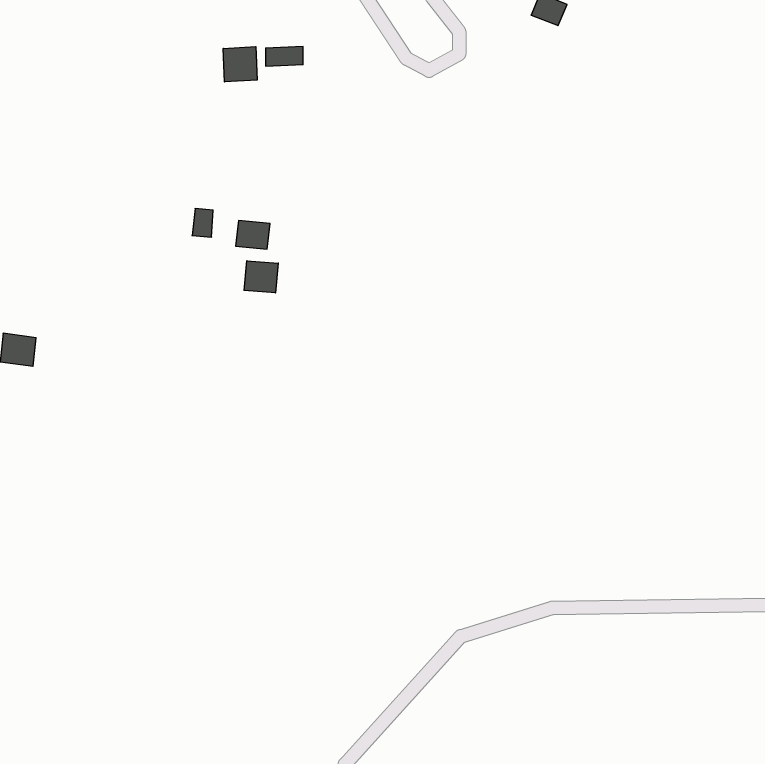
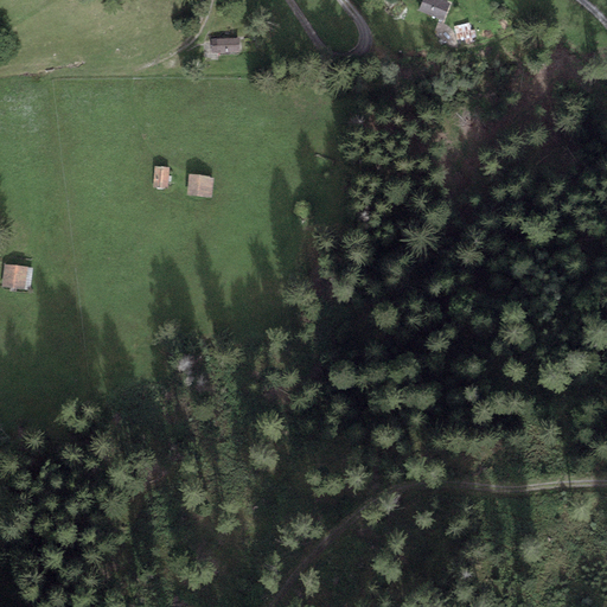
building: [223,47,257,82] -> none
building: [244,261,278,293] -> none

